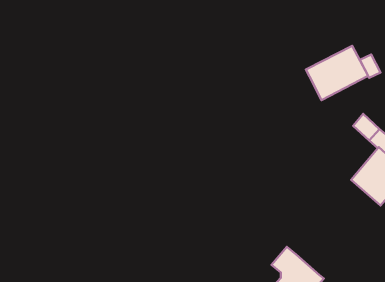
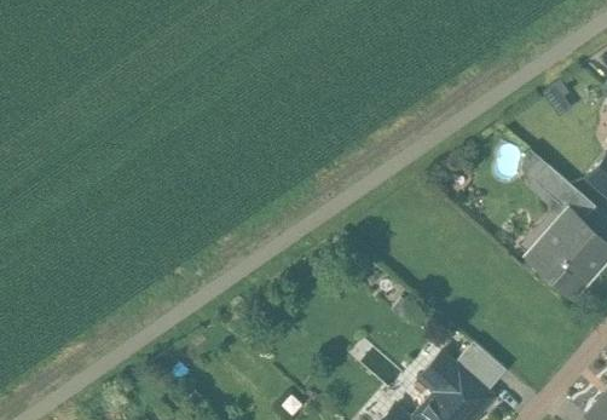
building: [306,46,368,100] -> none
building: none -> [453,341,505,392]

